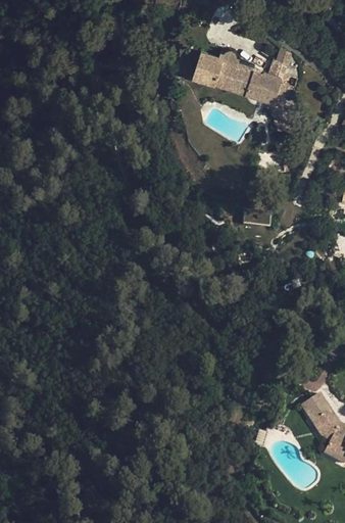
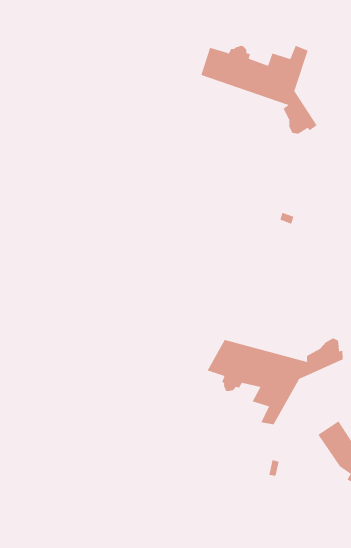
building: none -> [207,337,343,425]

